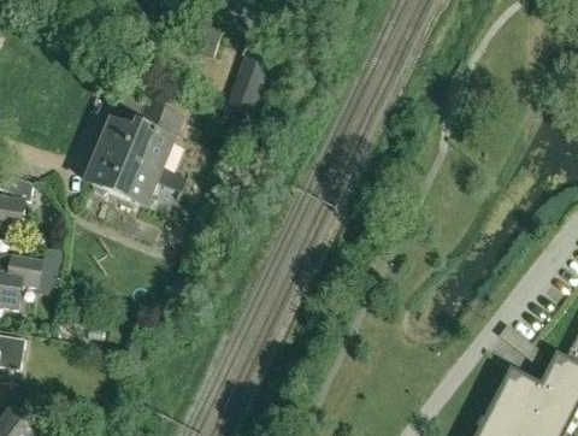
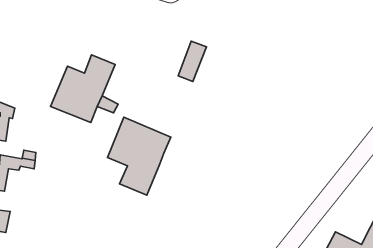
building: [226,58,269,118] -> [178,41,207,82]
building: none -> [107,117,171,195]

